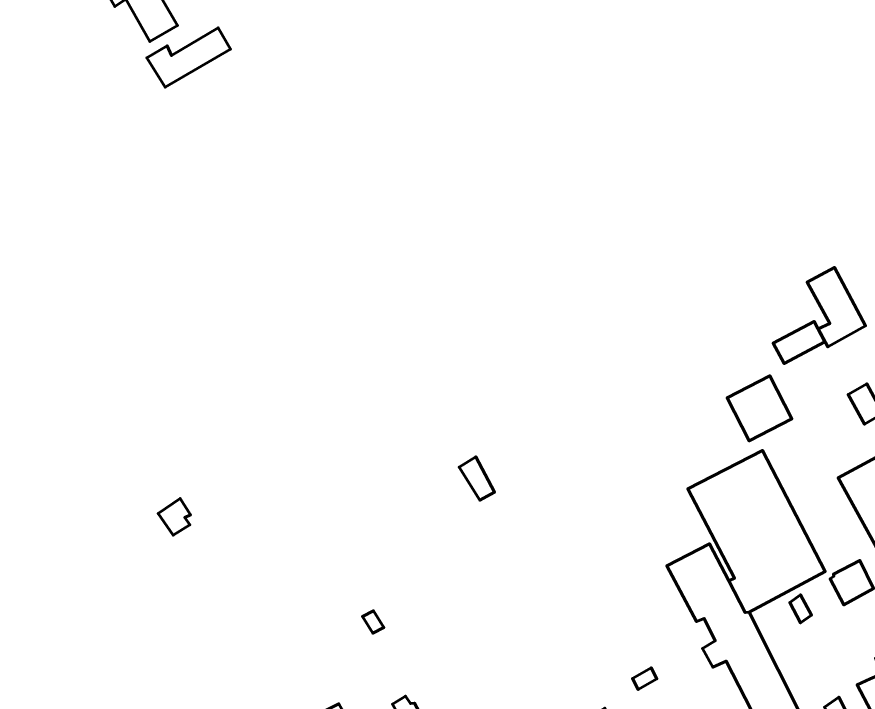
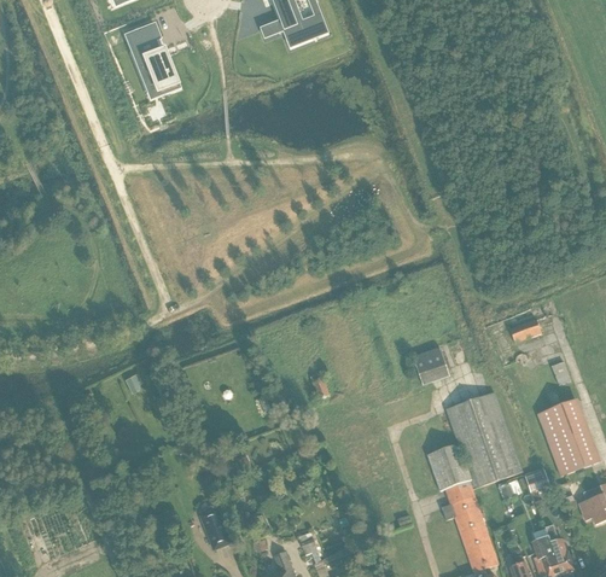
building: [147,28,231,87] -> none
building: [807,267,866,347] -> none
building: [727,376,792,441] -> [412,346,449,384]

